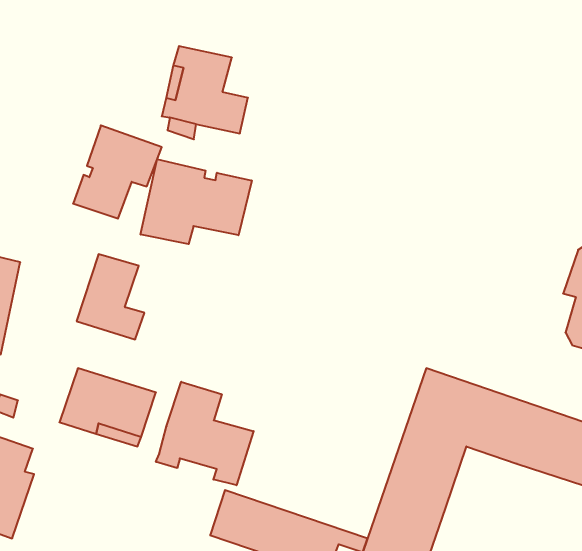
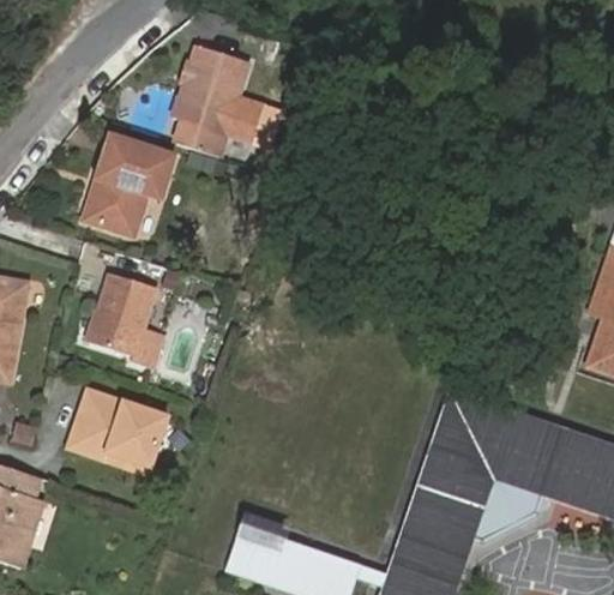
building: [141,159,252,244] -> none
building: [156,382,254,485] -> none
building: none -> [470,473,544,540]

